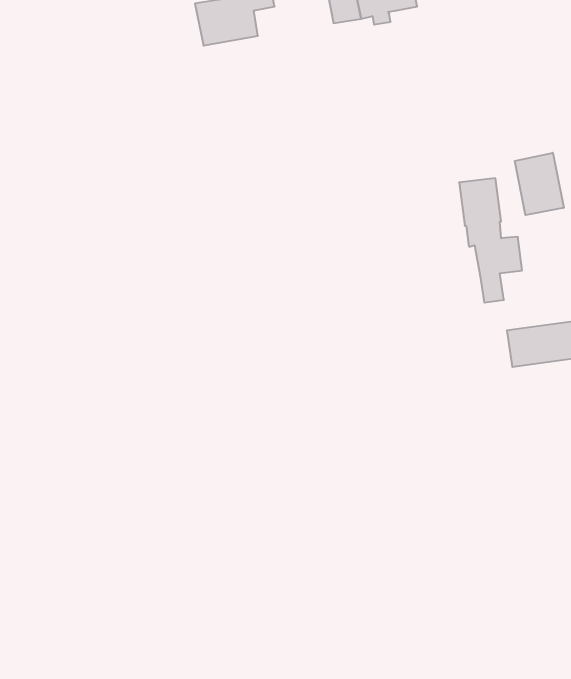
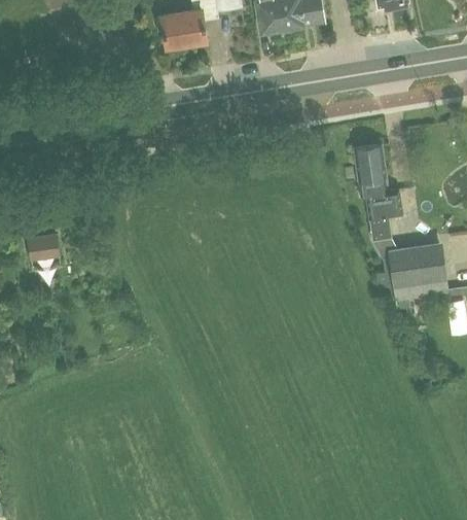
building: [515,153,564,215] -> none
building: none -> [27,236,61,263]

